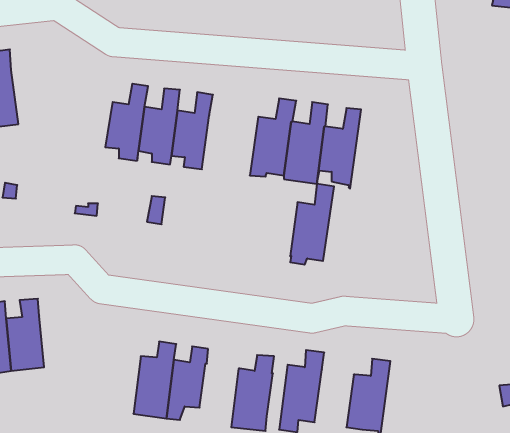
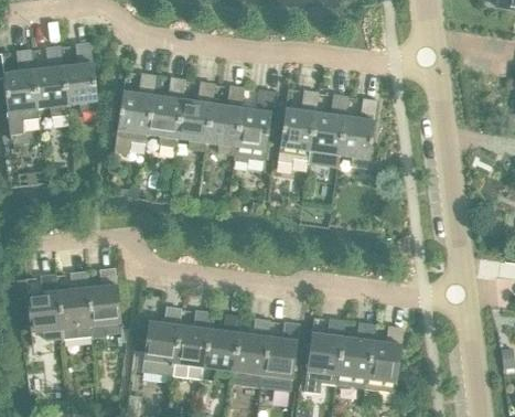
building: none -> [62,43,98,114]
building: none -> [114,73,155,153]
building: [290,184,334,265] -> [234,89,273,162]
building: none -> [87,267,122,339]
building: none -> [141,307,181,375]
building: none -> [230,318,270,387]
building: none -> [335,322,374,387]

